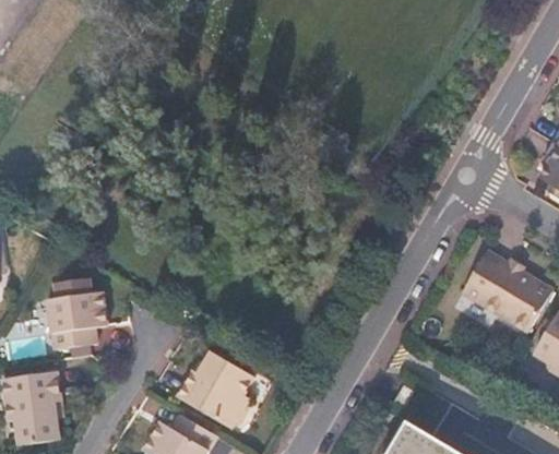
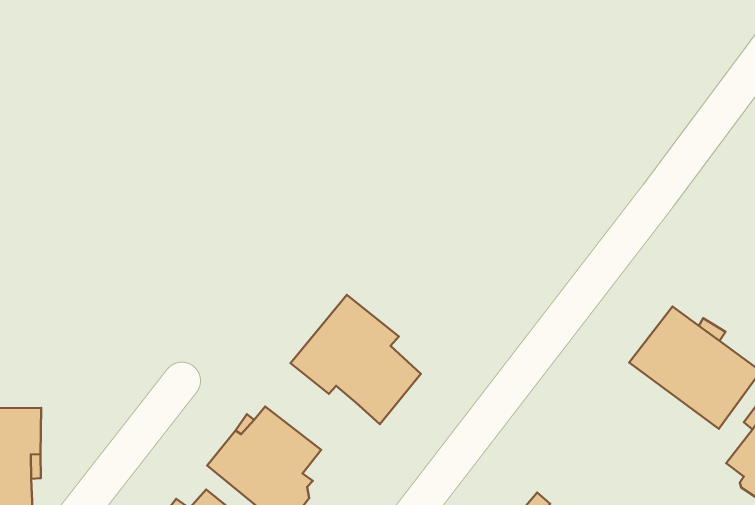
building: none -> [290,295,421,424]
building: [46,288,106,348] -> none

